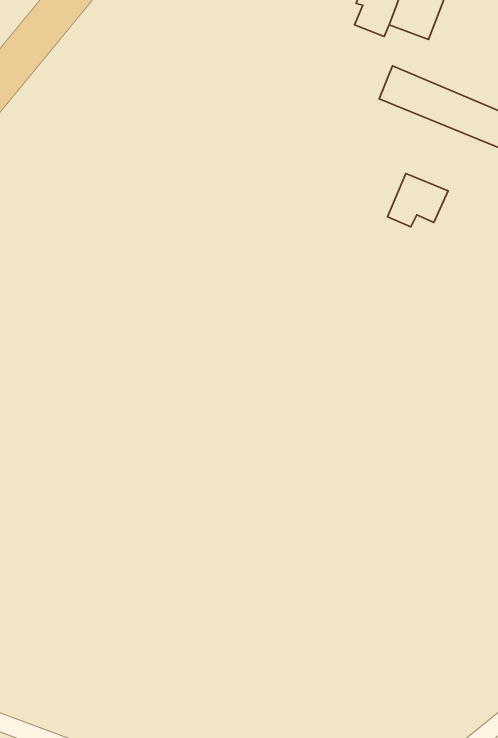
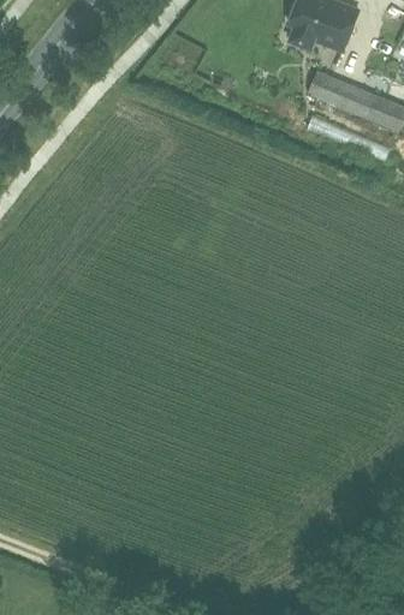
building: [388,173,448,227] -> none

